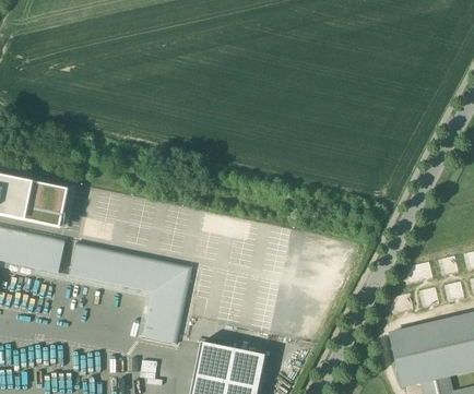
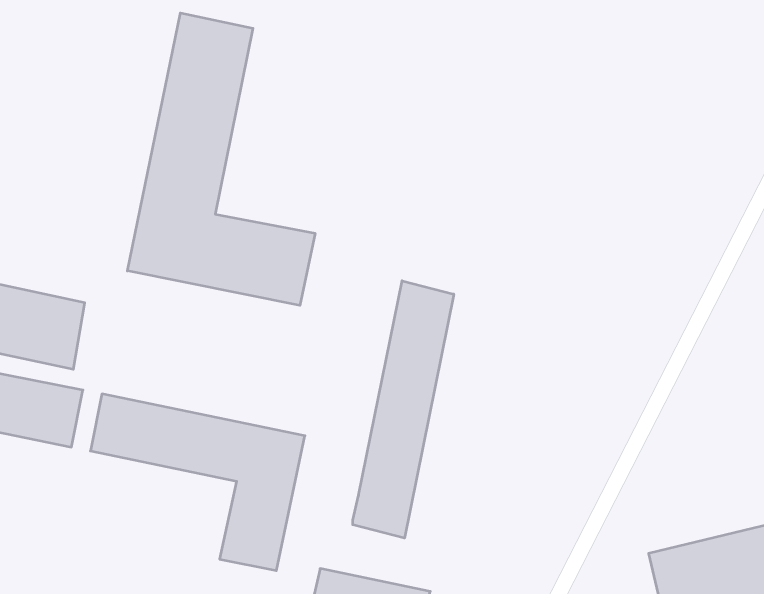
building: none -> [127,13,315,305]
building: none -> [353,281,454,538]

